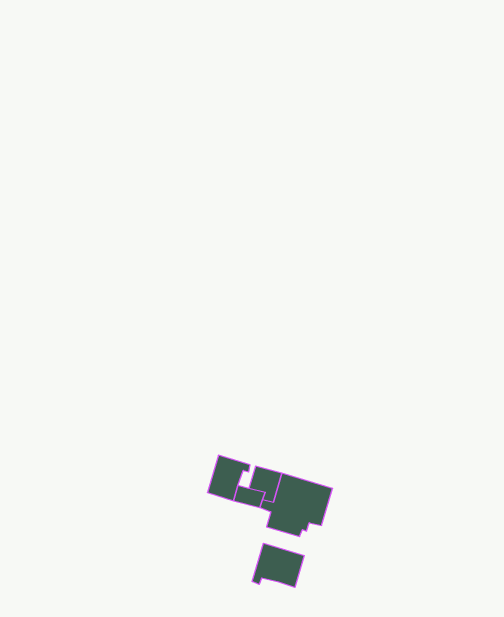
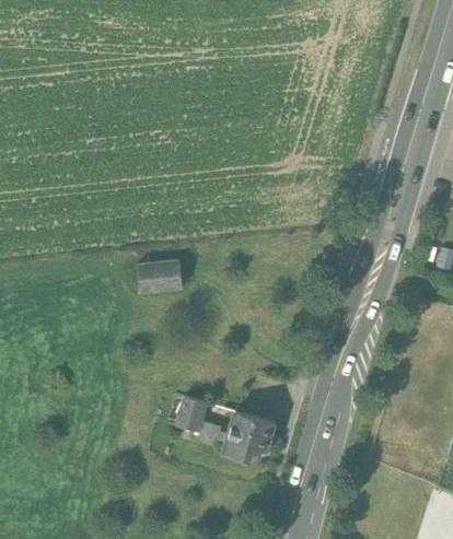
building: none -> [137,261,183,293]
building: [252,543,304,587] -> none

